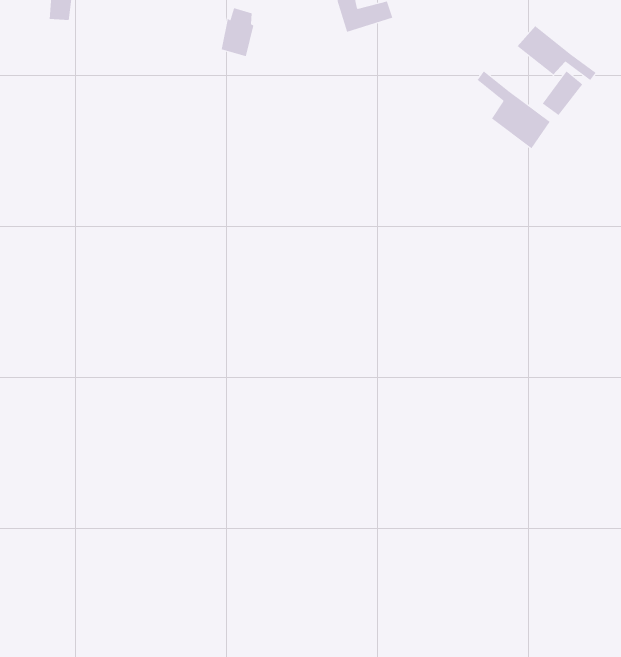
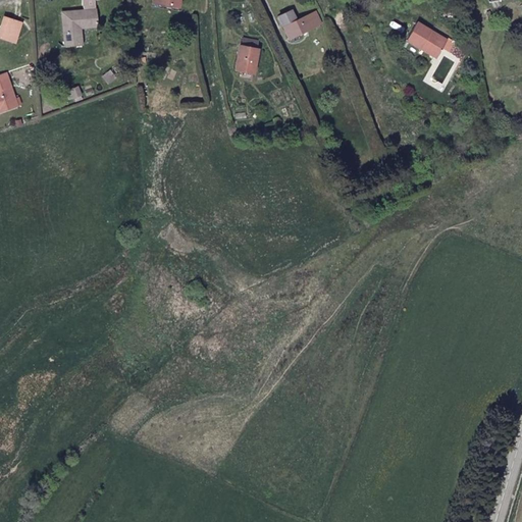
building: [221,7,254,57] -> [231,39,255,74]
building: [477,71,550,149] -> none

